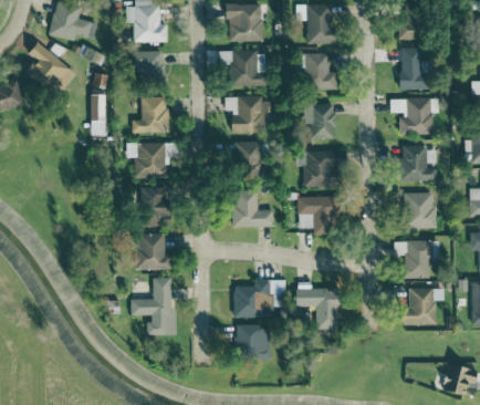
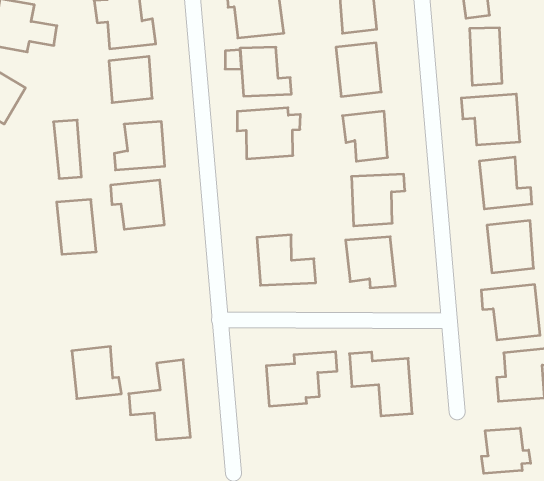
building: [233,142,265,178] -> none
building: [140,187,167,226] -> [57,200,96,254]
building: [136,232,170,269] -> [72,347,121,399]
building: [234,324,268,360] -> none
building: none -> [481,428,531,473]

